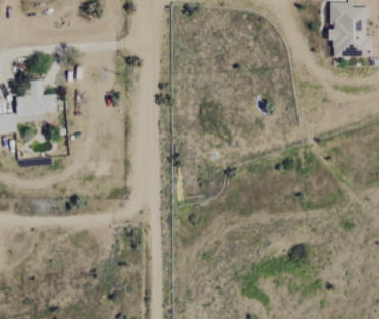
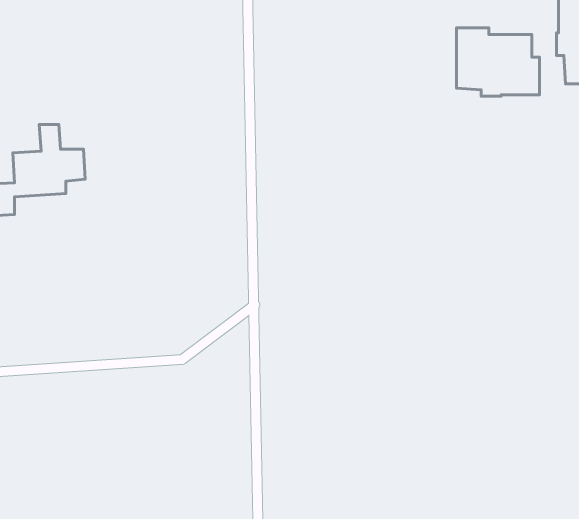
building: none -> [456,28,540,96]

